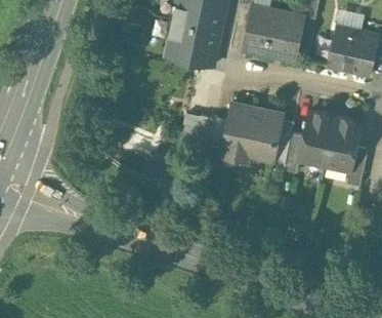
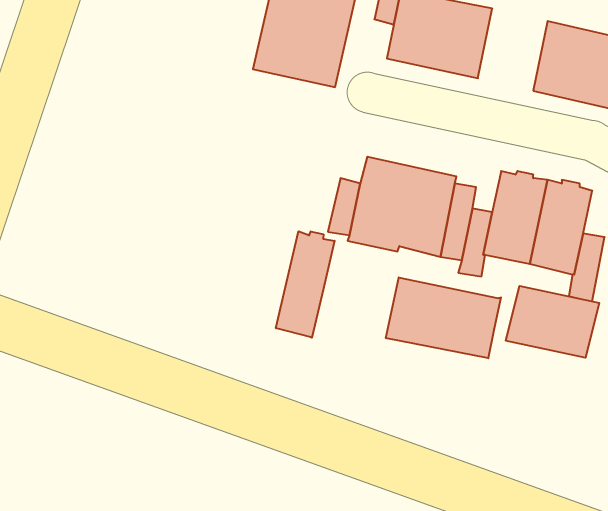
building: none -> [276,231,335,338]
building: none -> [386,277,501,358]
building: none -> [506,286,599,358]

